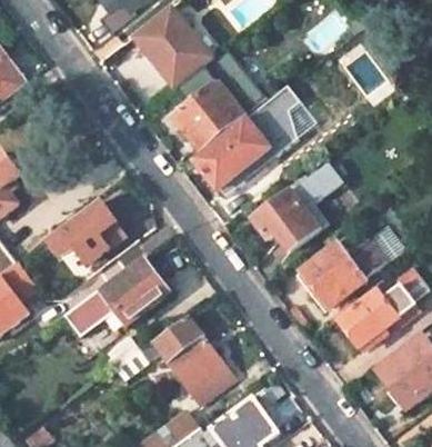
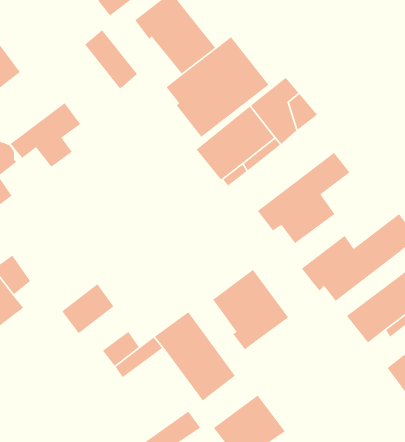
building: none -> [84,29,138,89]
building: [46,200,114,264] -> [9,102,81,168]
building: [100,259,168,325] -> none
building: none -> [212,269,289,350]

